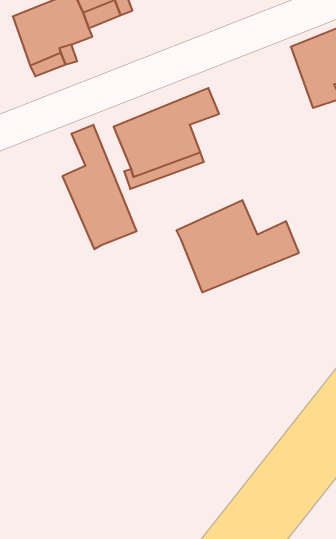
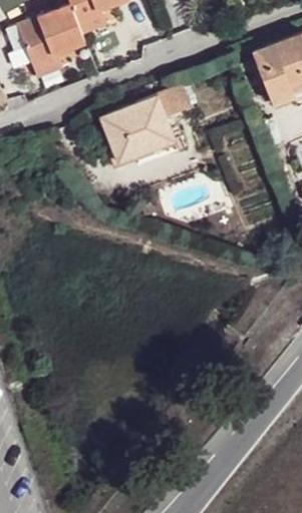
building: [63,125,137,249] -> none
building: [176,200,299,292] -> none

